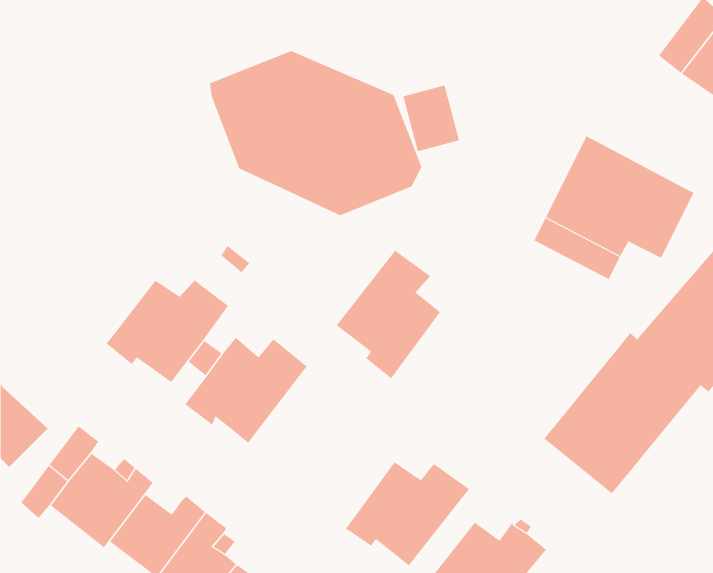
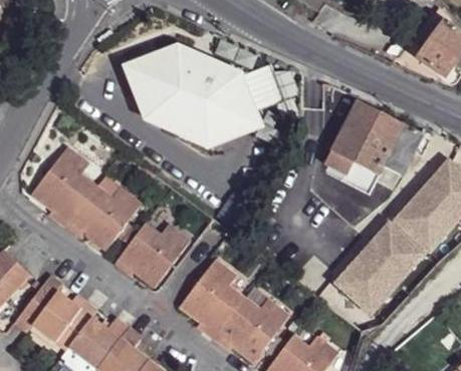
building: none -> [31,147,95,226]
building: [336,250,441,379] -> [178,260,242,339]

